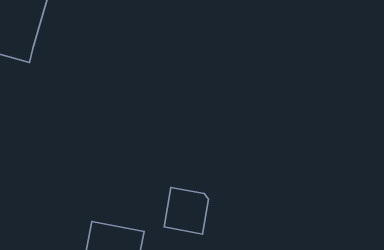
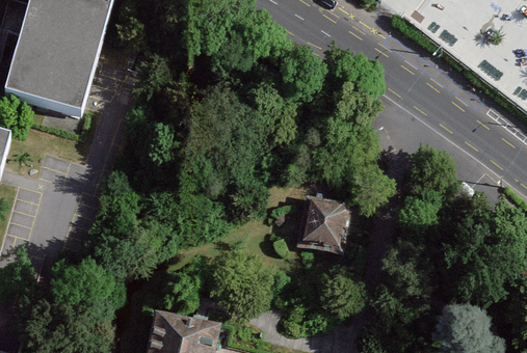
building: [164,188,208,234] -> [299,194,354,252]

